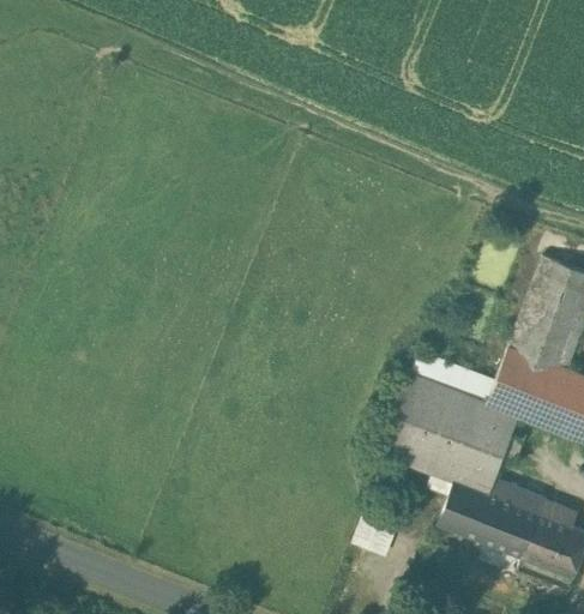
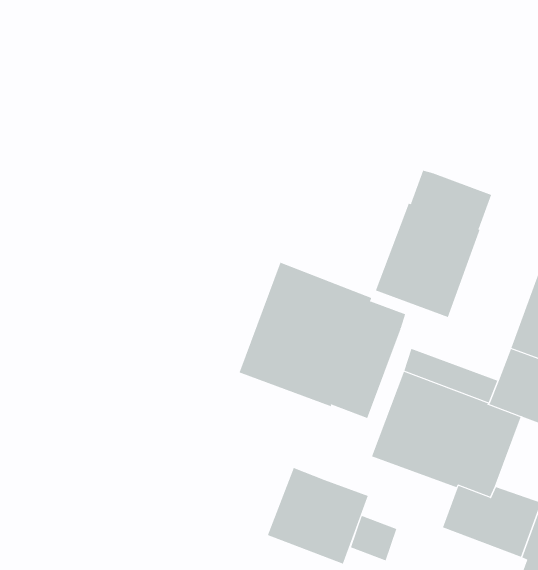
building: none -> [375,170,492,318]
building: none -> [239,262,406,419]
building: none -> [267,467,369,564]

